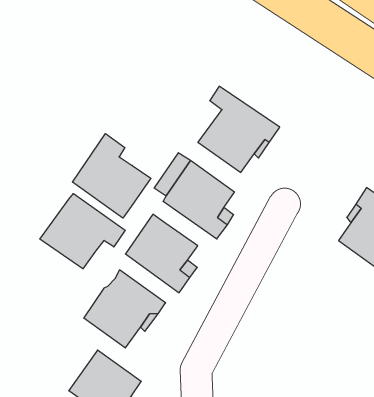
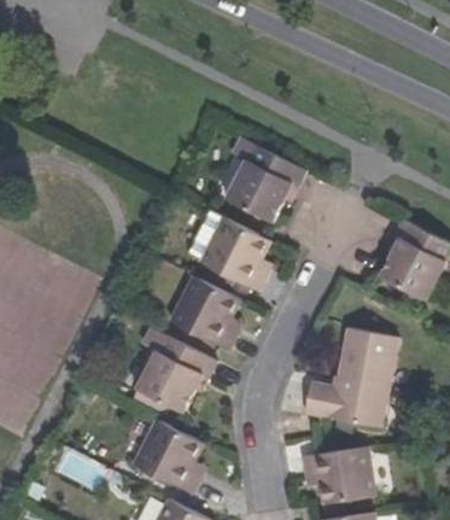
building: [72,134,151,218] -> none
building: [40,194,125,269] -> none
building: none -> [304,326,397,427]

